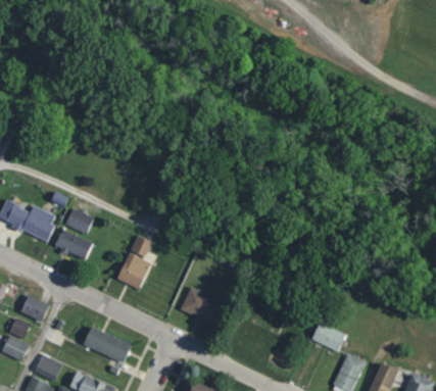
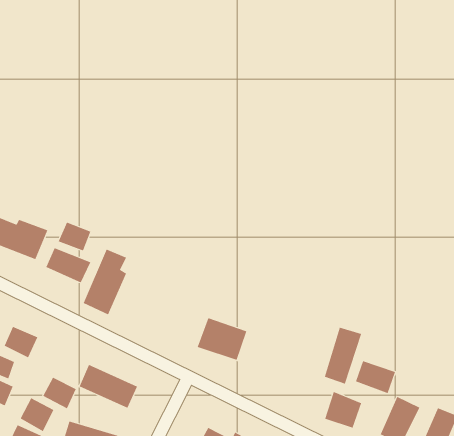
building: [117,234,154,289] -> [83,249,127,315]
building: none -> [324,327,362,384]
building: none -> [42,377,77,409]
building: none -> [325,391,362,429]

